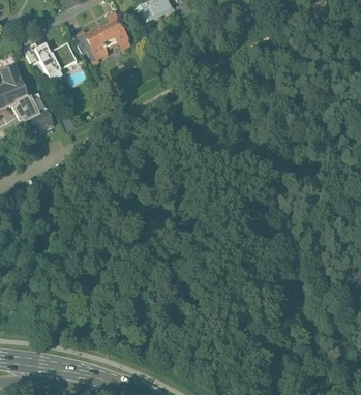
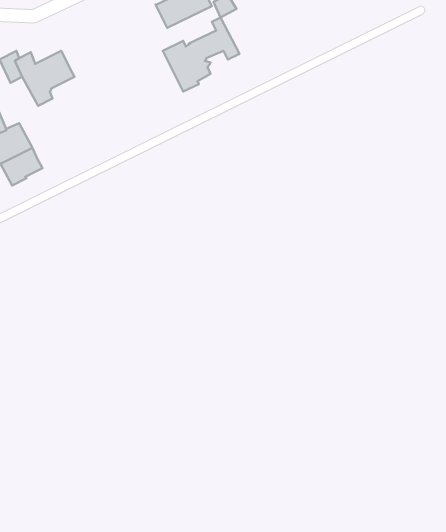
building: [72,11,127,64] -> [163,18,239,91]

